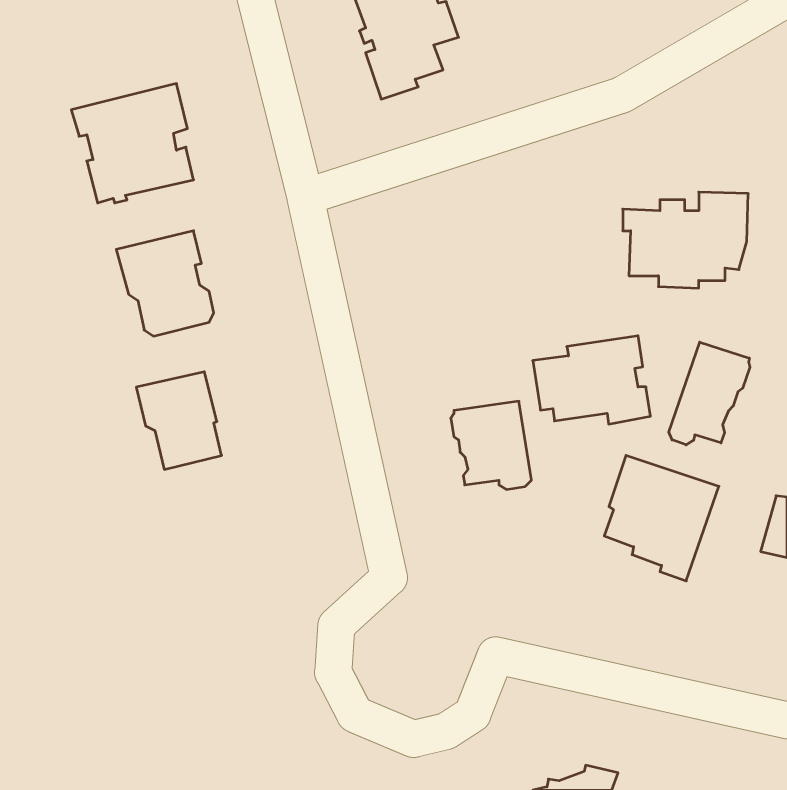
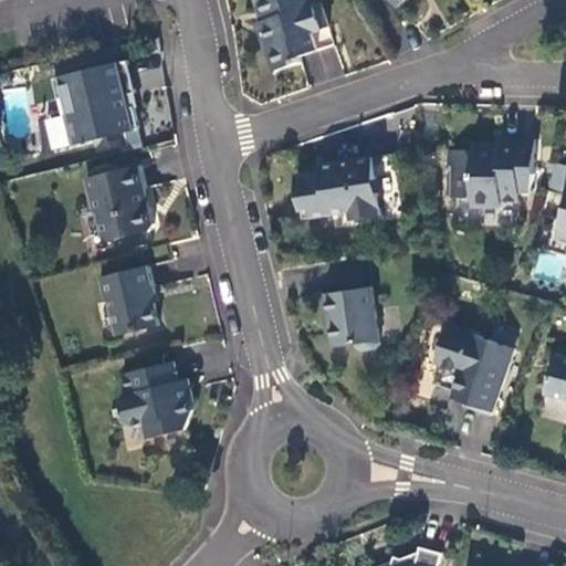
building: [533,336,650,424] -> [295,156,379,219]
building: [669,342,750,445] -> none
building: none -> [117,361,191,437]

